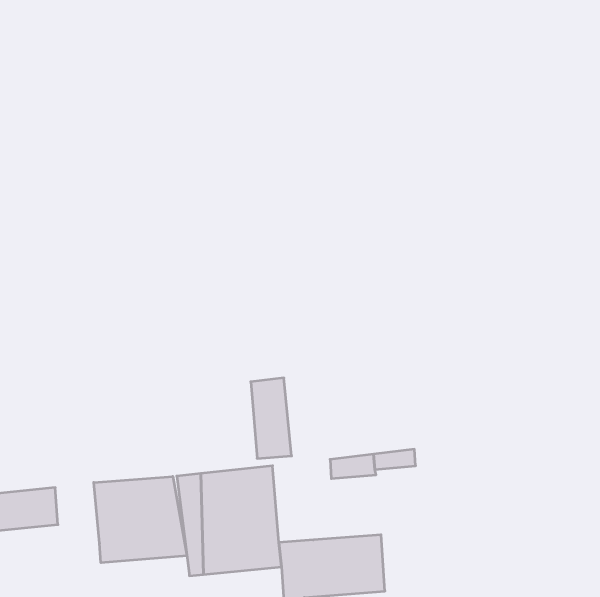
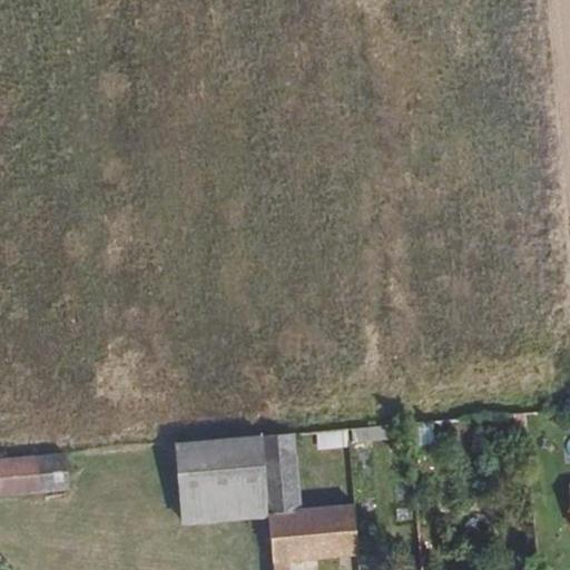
building: [251,378,292,458] -> [258,433,294,503]
building: [94,476,187,563] -> none

